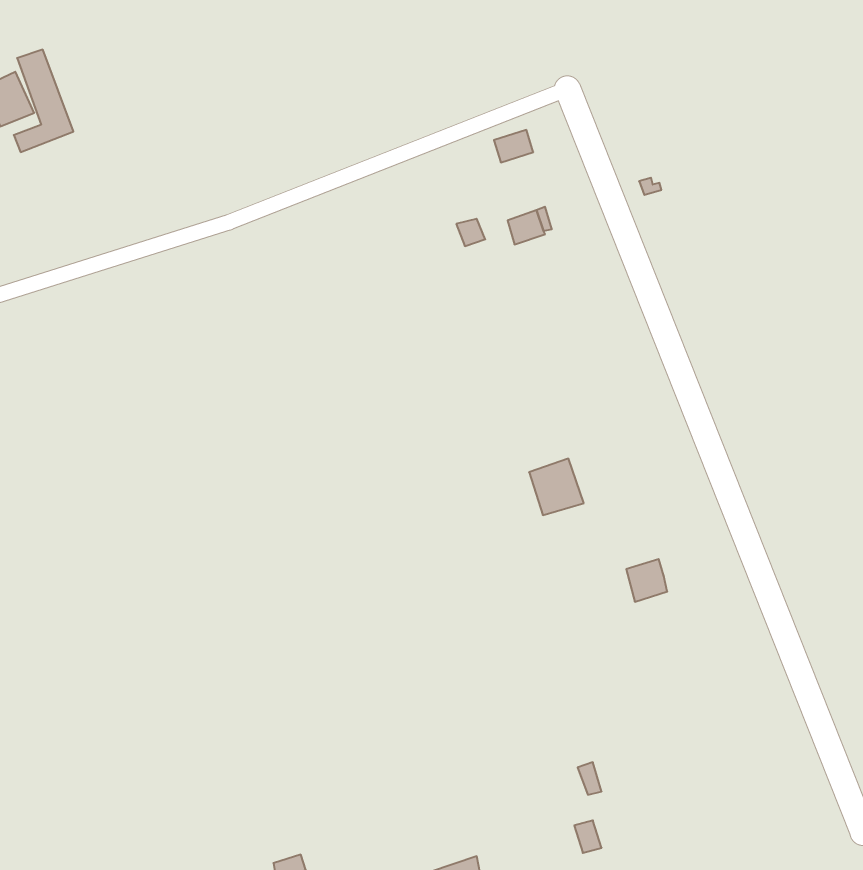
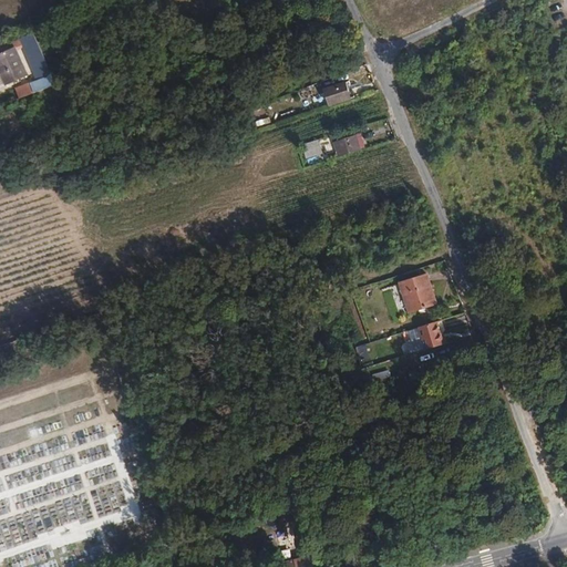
building: [529,459,584,515] -> [402,272,437,309]
building: [626,559,667,602] -> [416,324,443,352]

